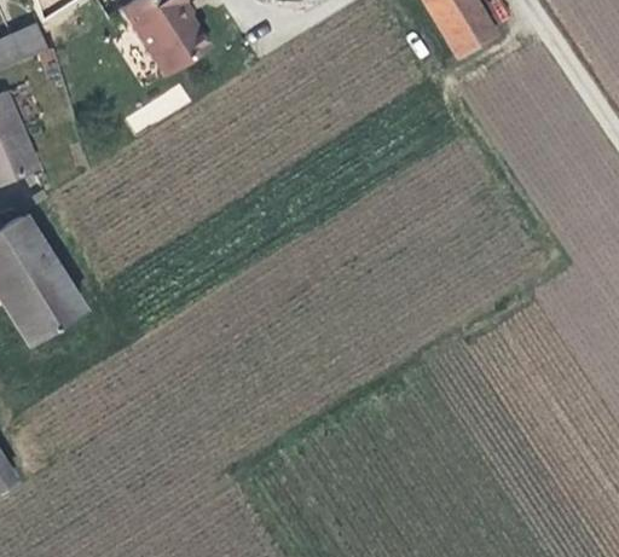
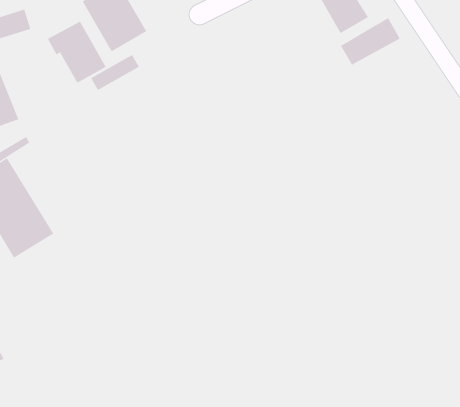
building: none -> [340,17,401,66]
building: none -> [47,21,106,84]

